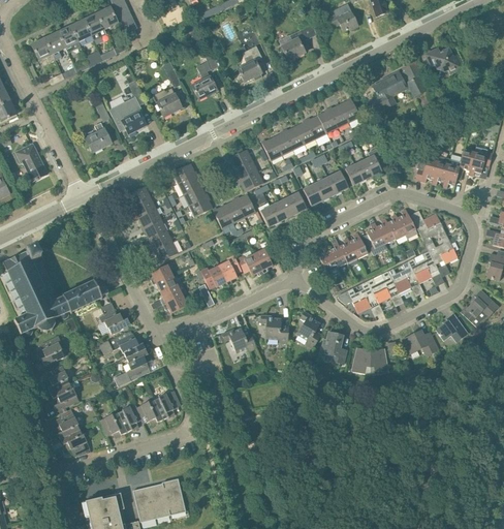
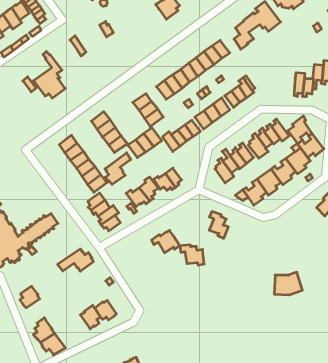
building: [238,45,263,82] -> none
building: [191,70,217,99] -> none
building: [152,88,182,117] -> none
building: [86,122,111,152] -> none
building: [415,157,437,182] -> none
building: none -> [105,153,131,184]
building: [99,302,130,334] -> none
building: [260,314,288,342] -> [180,245,204,265]
building: [402,330,439,356] -> none
building: [322,332,346,364] -> none
building: [37,336,64,364] -> none
building: [351,347,387,375] -> [274,272,302,295]
building: [115,348,152,386] -> none
building: [51,383,78,412] -> none
building: [154,388,182,418] -> none
building: [99,412,126,438] -> none

